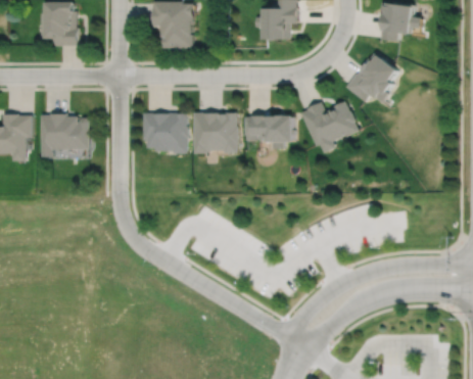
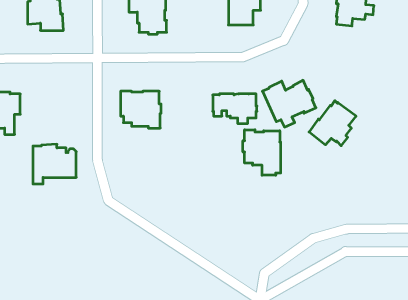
building: [347,53,399,103] -> [309,101,356,146]
building: [41,113,89,157] -> [33,144,76,184]
building: [194,113,239,154] -> none
building: none -> [243,130,281,175]

